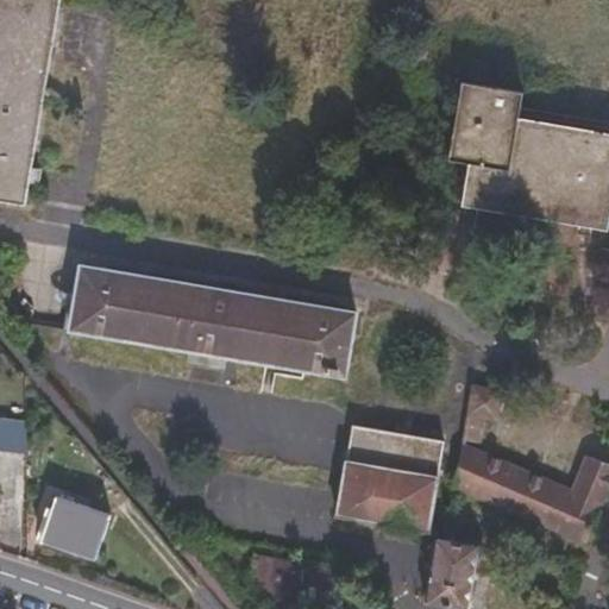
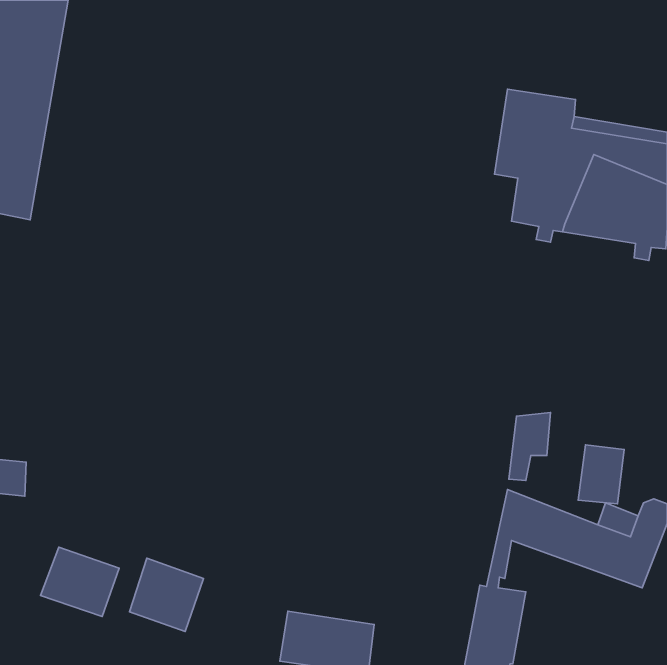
building: [70,264,356,378] -> none
building: none -> [578,445,624,504]
building: [338,426,441,528] -> none
building: none -> [129,558,204,631]

